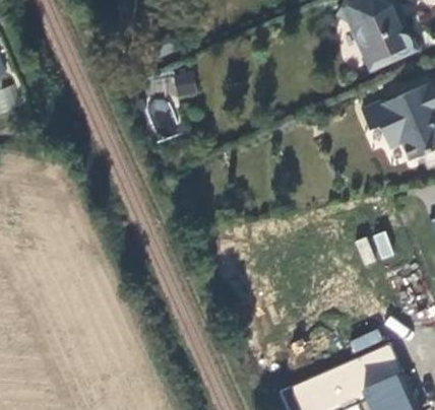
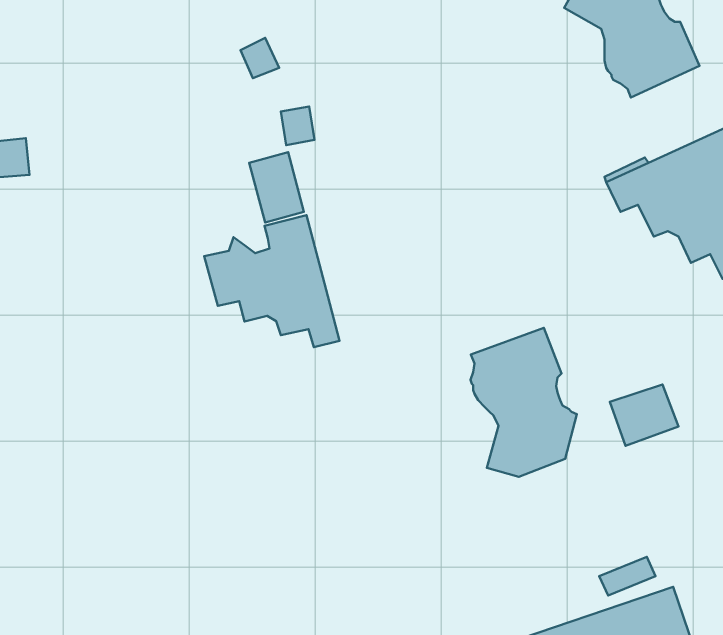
building: none -> [204,215,340,347]
building: none -> [471,328,577,477]

